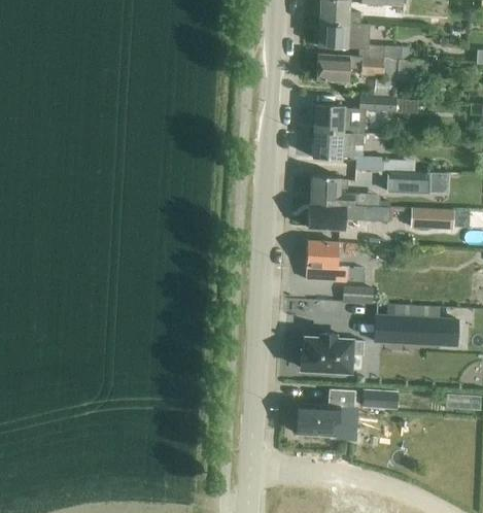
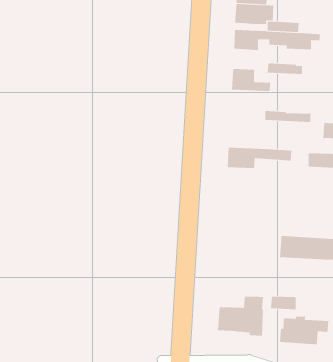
building: [312,131,364,160] -> none
building: [387,171,430,194] -> none
building: [310,175,359,205] -> none
building: [306,241,366,282] -> none
building: [343,286,374,305] -> none
building: [301,335,364,371] -> [279,316,329,345]

